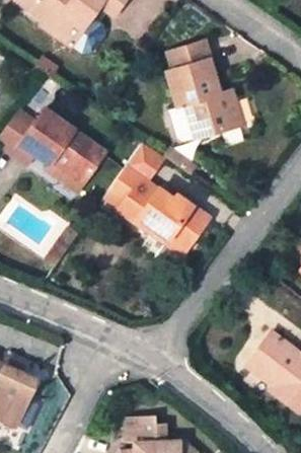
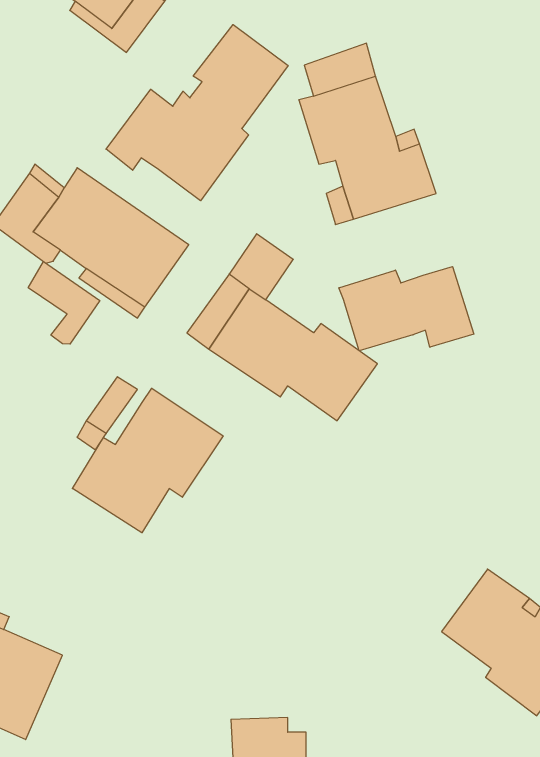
building: none -> [106,25,288,201]
building: none -> [28,262,100,344]
building: none -> [339,267,474,351]
building: none -> [72,388,223,533]

